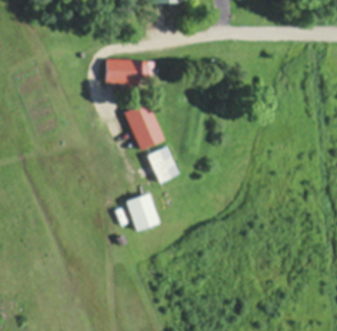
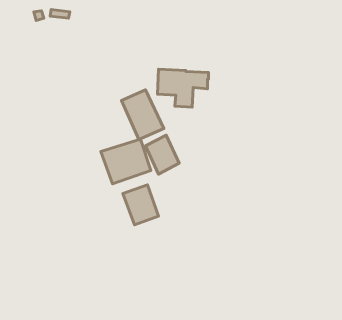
building: [106,58,154,94] -> [158,69,208,107]
building: none -> [101,139,151,184]

